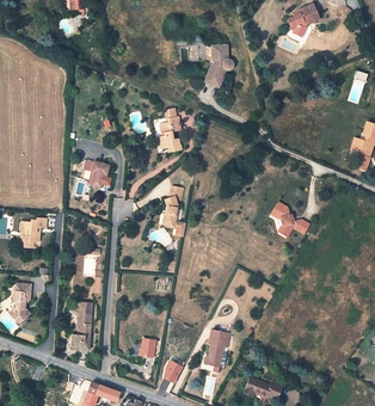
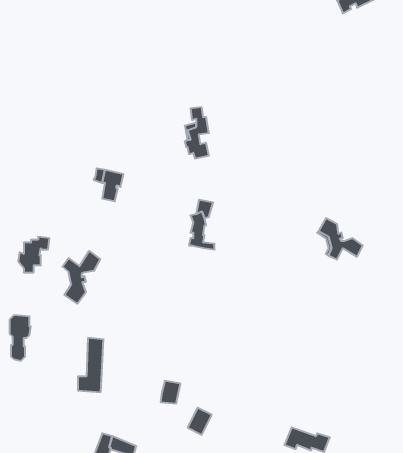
building: [205,45,233,87] -> none
building: none -> [62,251,100,304]
building: [205,330,229,367] -> none

